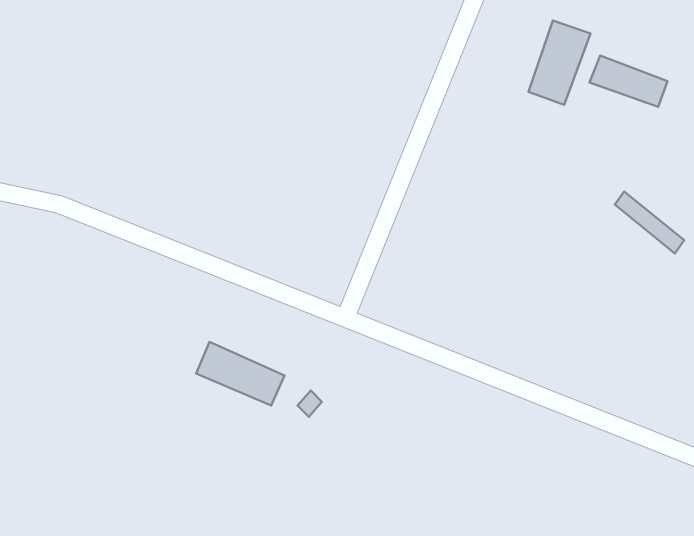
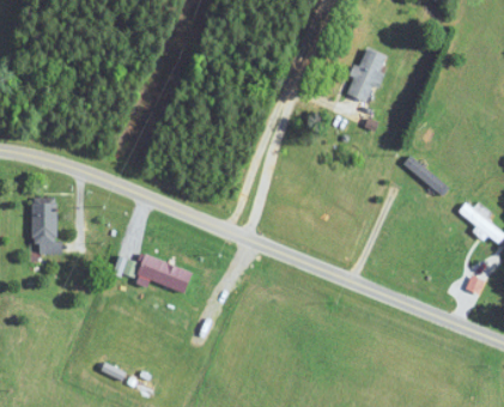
building: [590,56,667,107] -> none
building: none -> [32,204,62,255]

